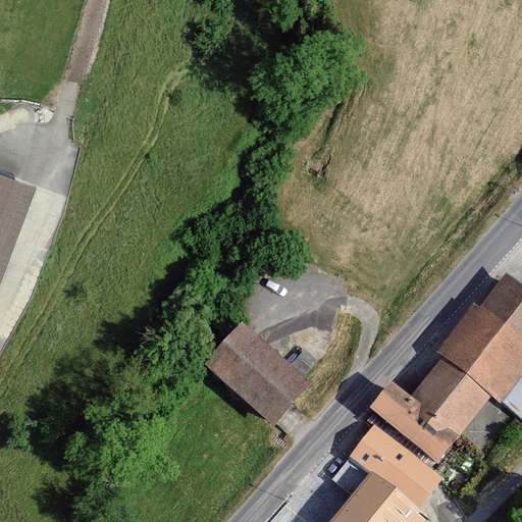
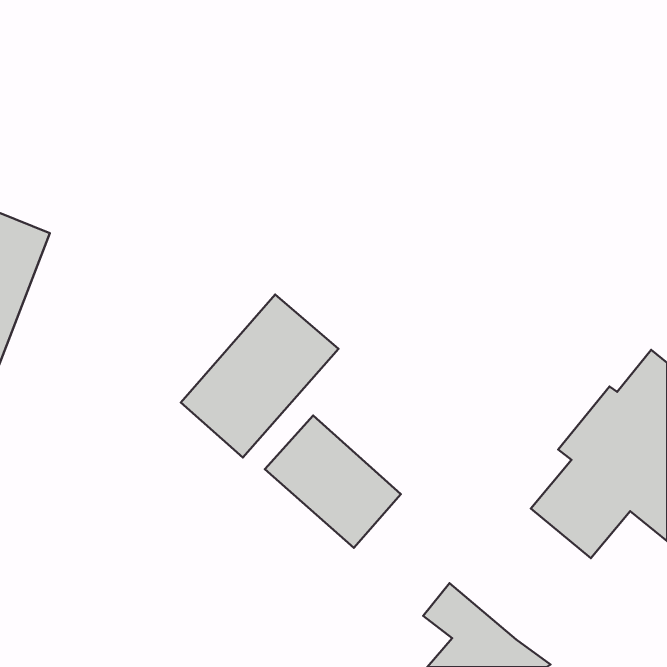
building: none -> [181,294,338,457]
building: [350,381,460,498] -> none

